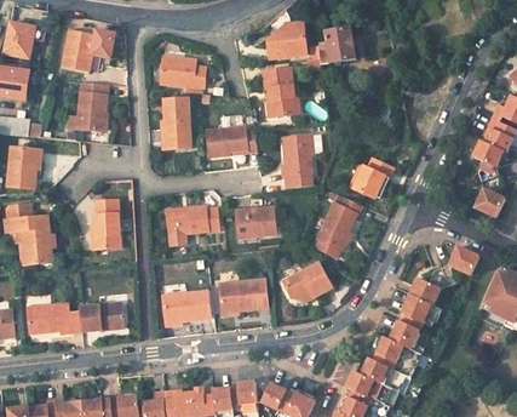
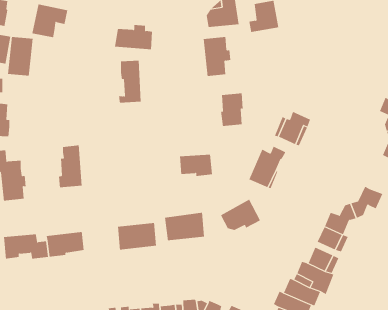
building: [75,82,107,130] -> [7,36,34,76]
building: [206,126,259,155] -> none
building: [165,205,219,234] -> none

